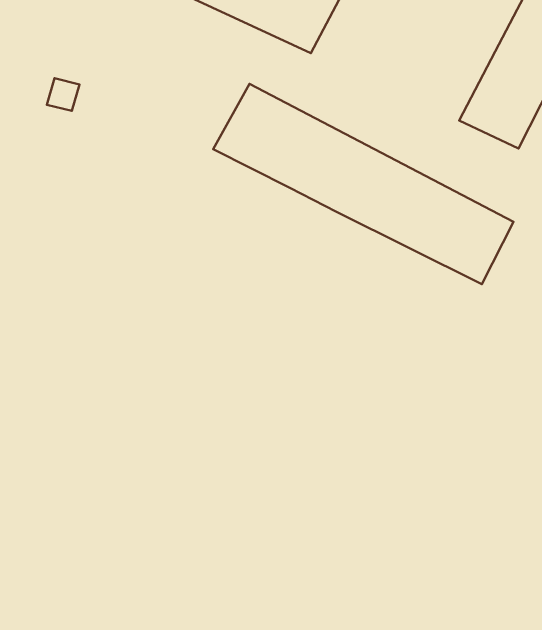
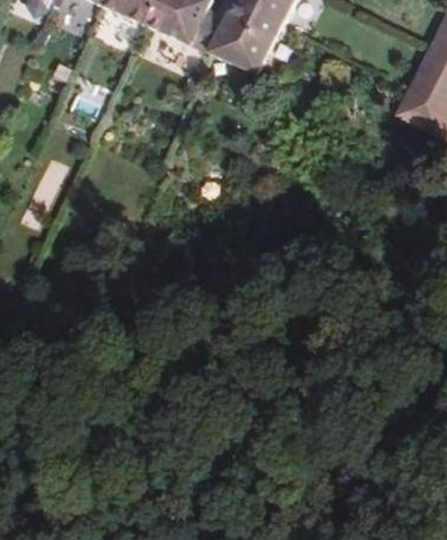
building: [213,84,514,284] -> none

